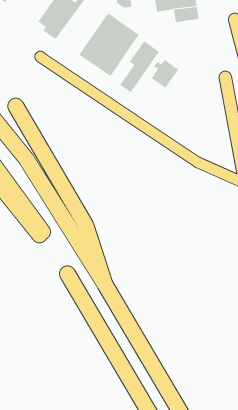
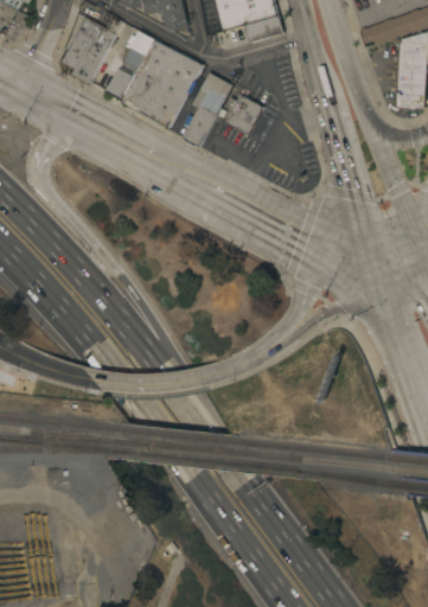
building: none -> [107,30,155,100]

